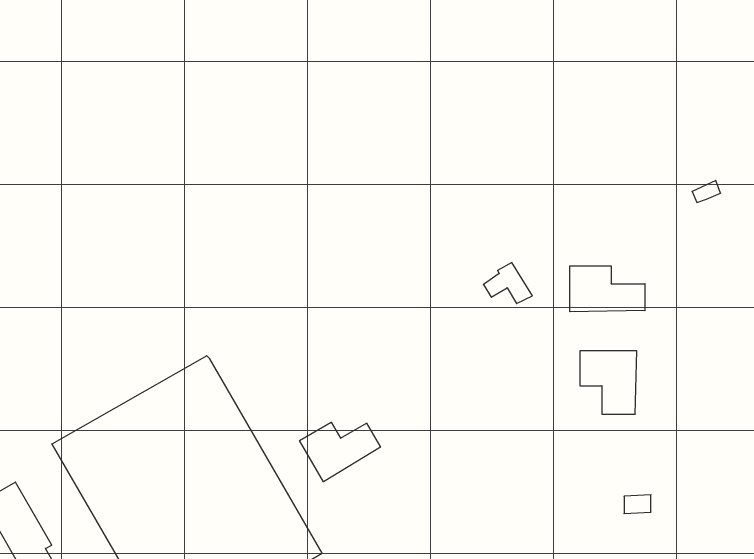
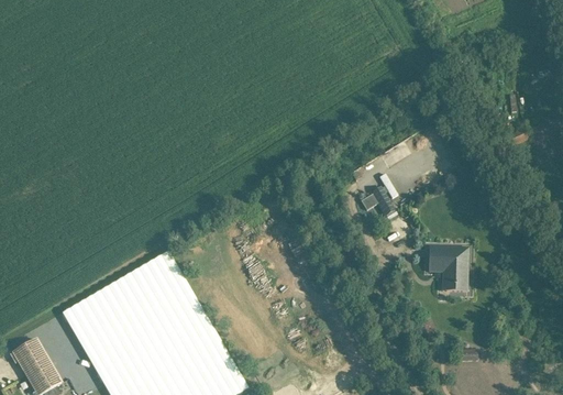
building: [570,266,645,312] -> none
building: [300,422,380,482] -> none

